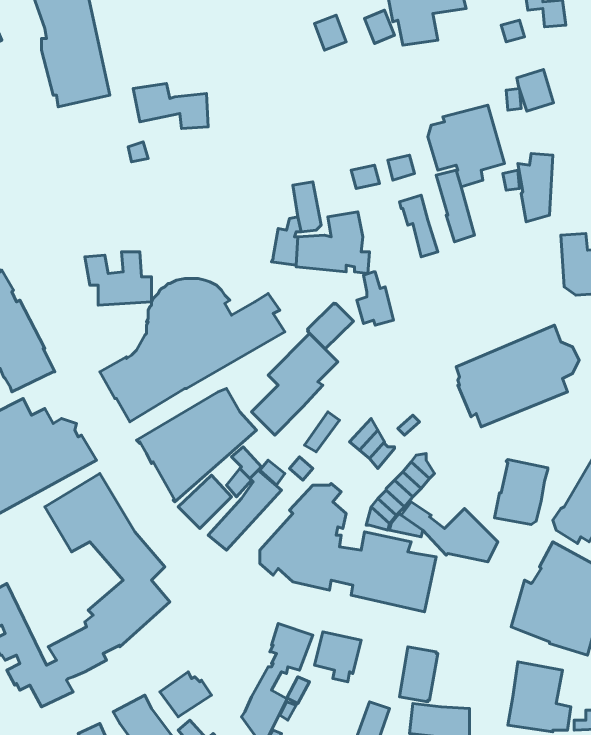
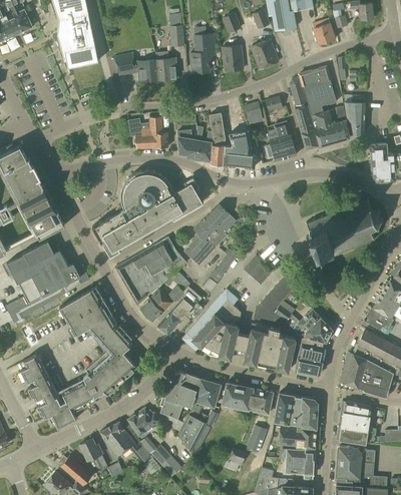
building: none -> [168,14,184,46]
building: none -> [190,33,216,72]
building: none -> [251,39,278,68]
building: [517,70,554,111] -> [312,18,334,43]
building: none -> [222,45,243,70]
building: none -> [156,58,176,79]
building: none -> [310,110,349,144]
building: none -> [177,129,199,157]
building: [85,252,151,305] -> [127,116,167,148]
building: [357,272,393,325] -> [264,128,286,160]
building: [307,303,353,349] -> none
building: [495,459,548,524] -> [294,336,326,375]
building: none -> [159,371,199,431]
building: none -> [245,388,273,414]
building: none -> [291,396,317,428]

